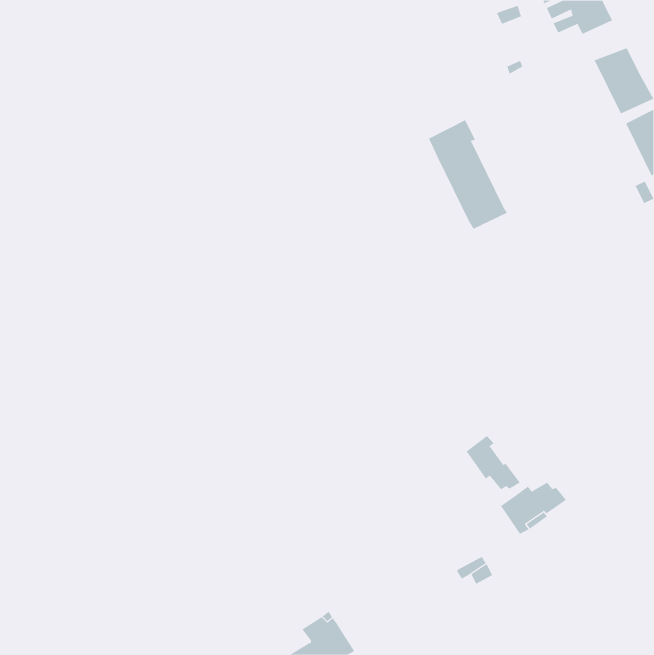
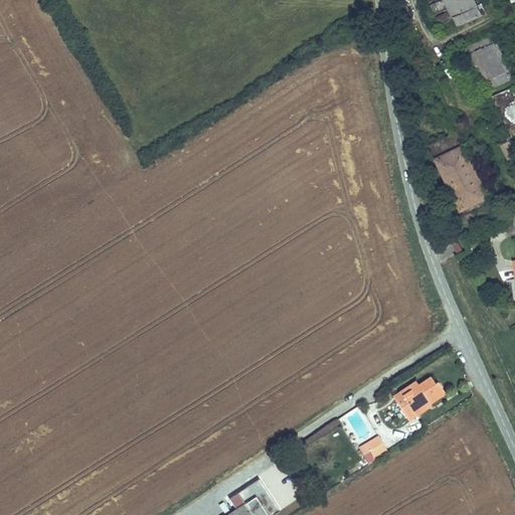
building: [428,119,508,230] -> [427,130,490,216]
building: [466,435,520,490] -> none

